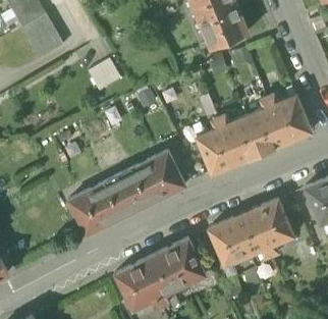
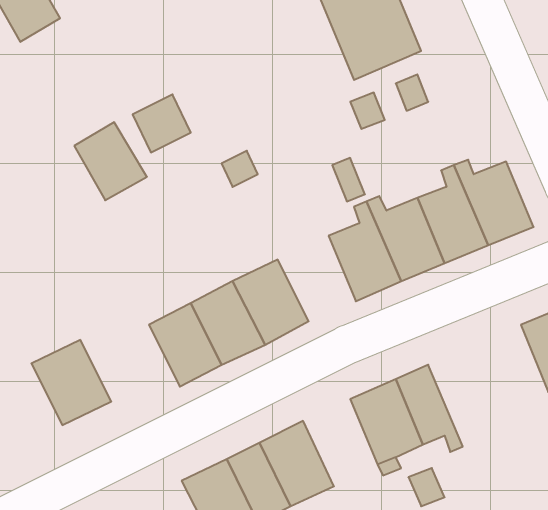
building: [22,14,63,58] -> [74,122,147,200]
building: [67,187,112,234] -> [31,340,111,425]
building: [252,199,292,255] -> none

